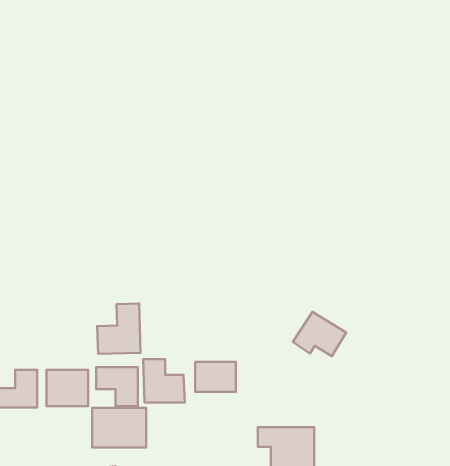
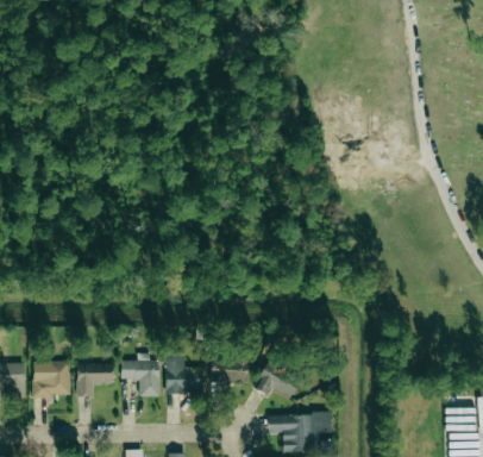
building: [97,304,141,354] -> none
building: [293,312,346,356] -> [252,358,301,399]
building: [92,408,146,448] -> none

